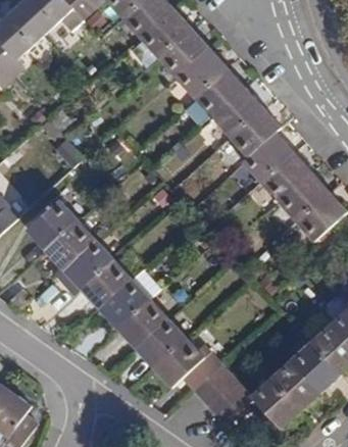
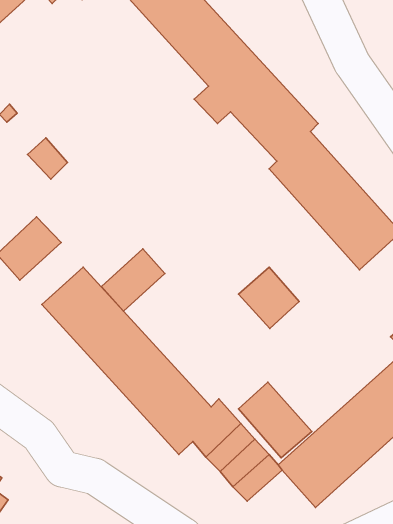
building: [46,220,96,269] -> [101,249,165,311]
building: none -> [238,267,299,329]
building: none -> [239,382,312,458]

